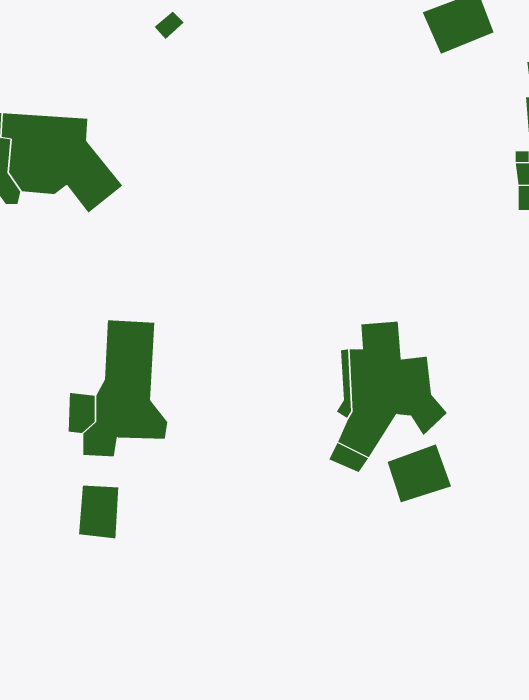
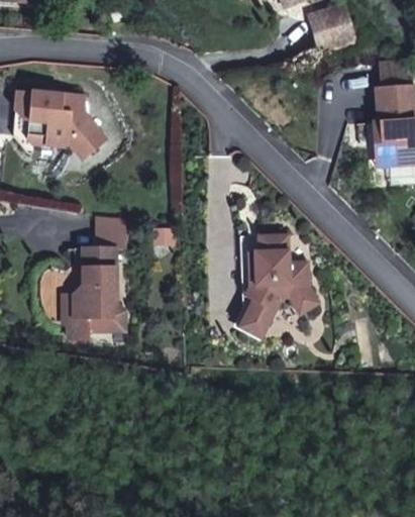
building: [387,443,452,503] -> none
building: [79,485,119,539] -> none

